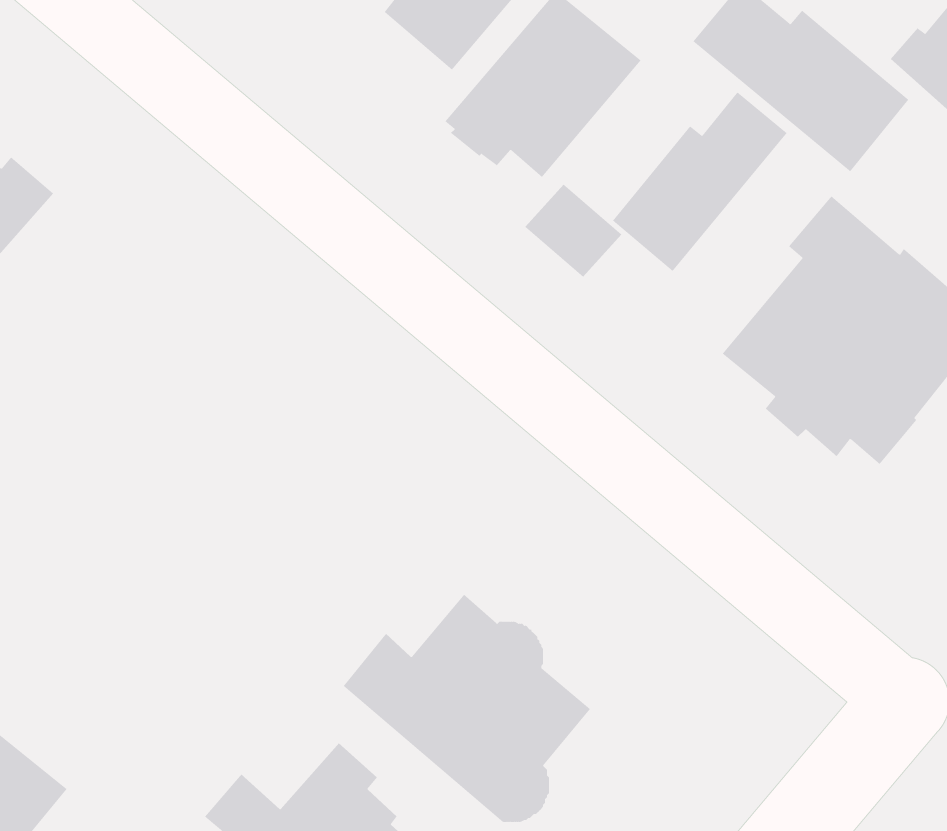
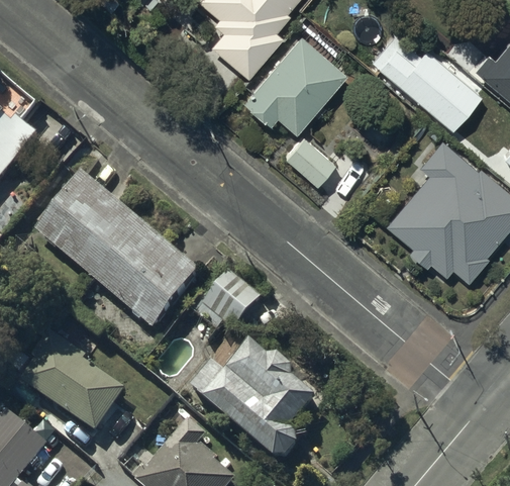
building: [612,92,788,272] -> none
building: none -> [37,179,199,330]
building: none -> [199,275,263,333]
building: none -> [23,332,126,433]

